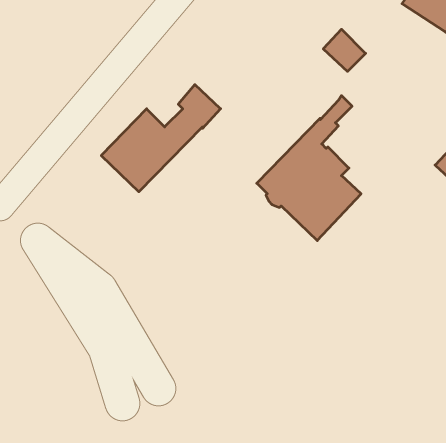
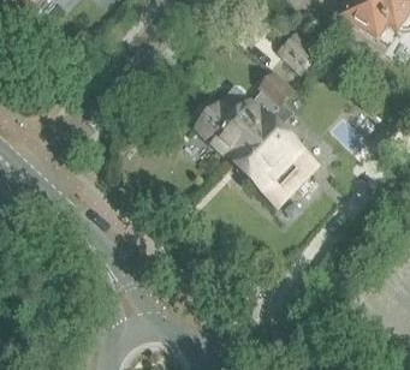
building: [101,85,221,192] -> [198,70,293,155]

